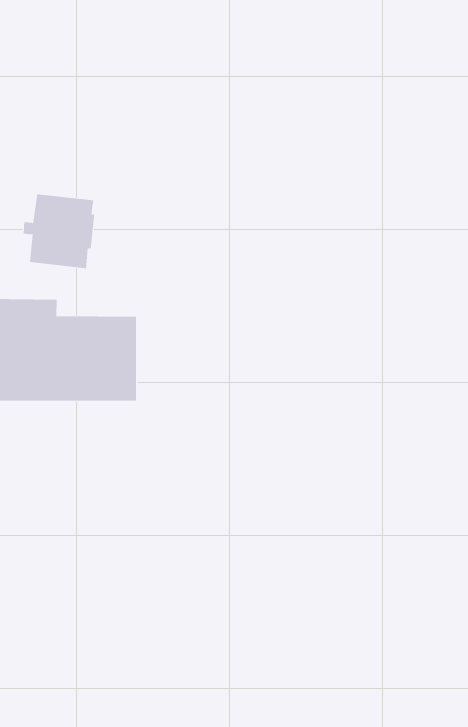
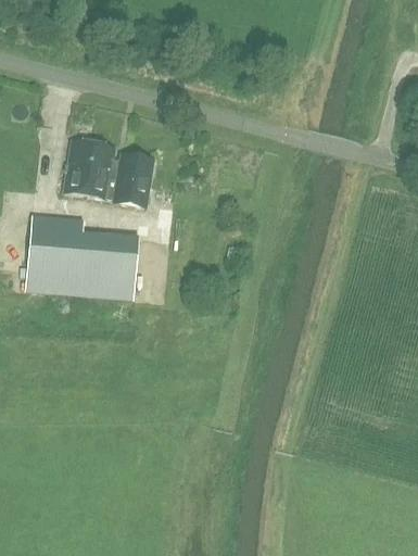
building: none -> [111,155,152,207]

